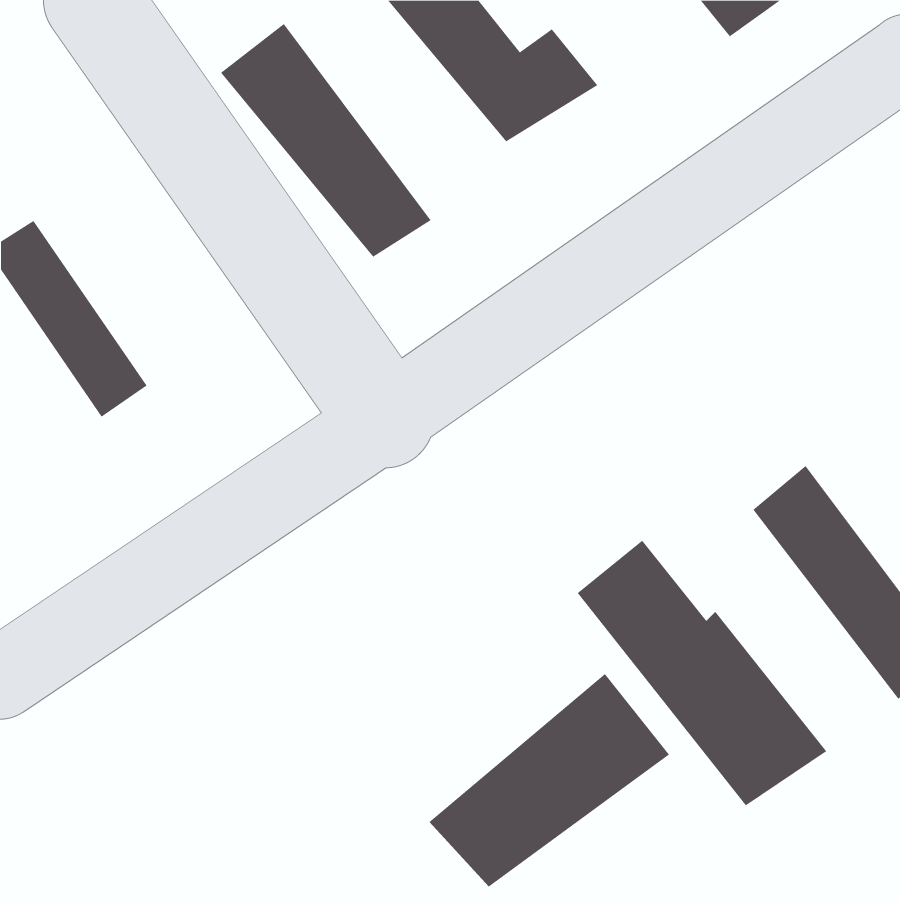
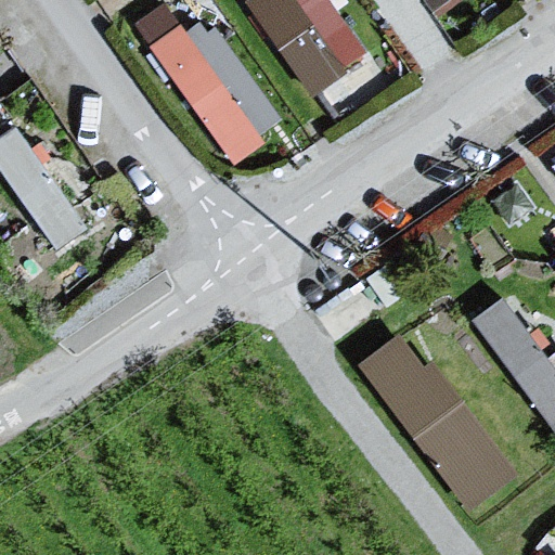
building: [428,673,670,888] -> none

